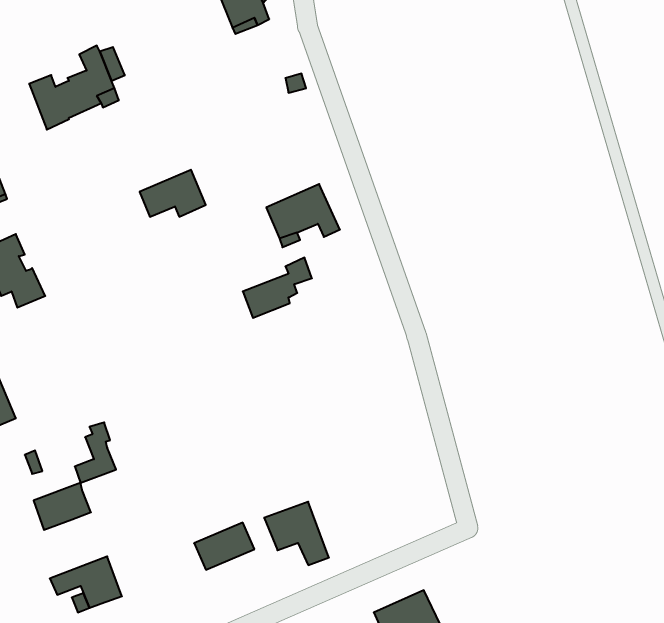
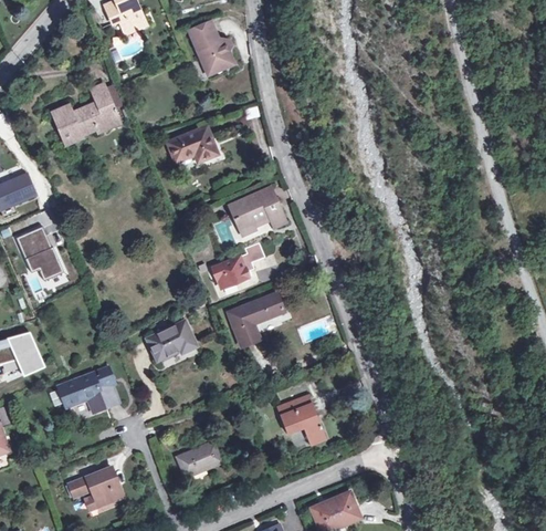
building: [140,170,206,217] -> [167,126,217,162]
building: none -> [227,293,283,346]
building: none -> [147,321,196,358]
building: [34,483,91,530] -> [57,372,101,407]
building: [264,502,329,565] -> [276,396,325,444]

